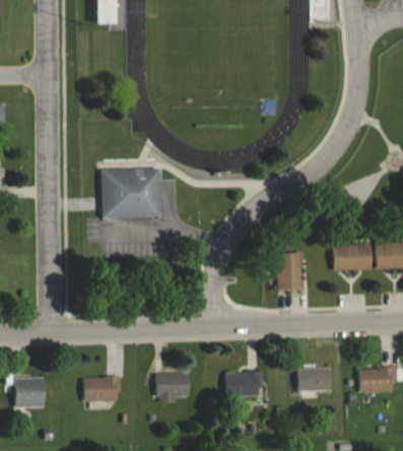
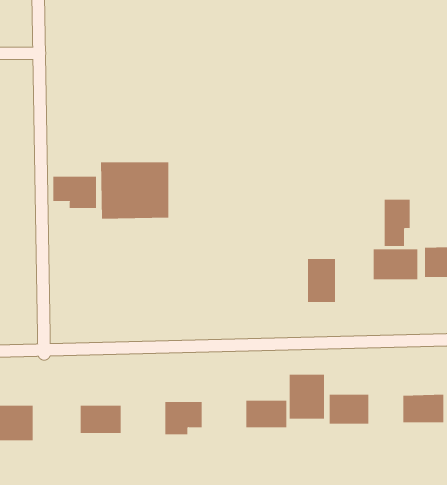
building: none -> [53,176,97,209]
building: none -> [384,199,410,247]
building: none -> [289,374,325,419]

